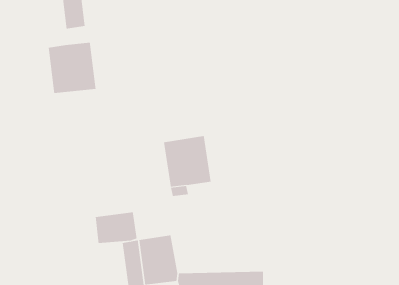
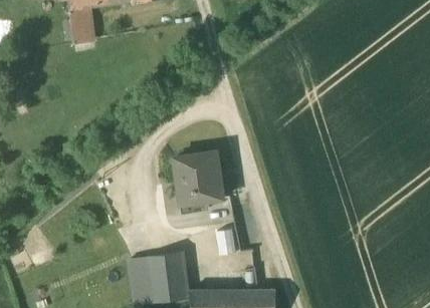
building: [48,42,96,94] -> none
building: [95,211,137,244] -> none

